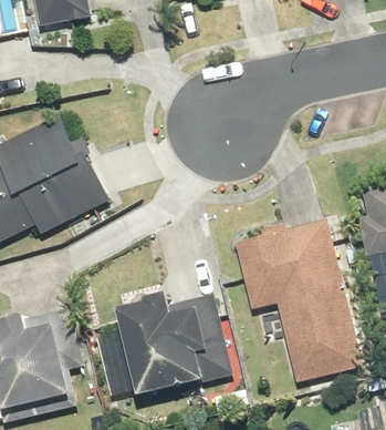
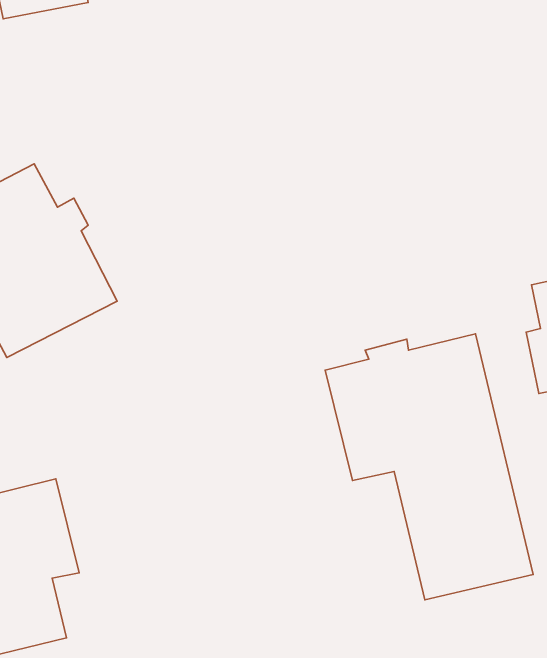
building: [114,291,232,395] -> none

